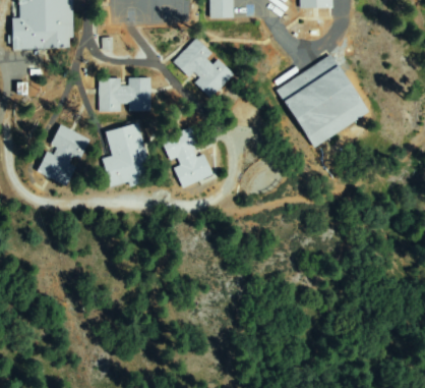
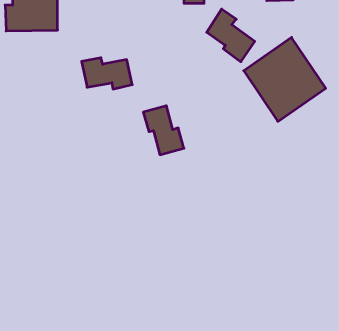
building: [177,38,230,96] -> [207,9,255,62]
building: [102,123,151,189] -> none
building: [39,128,88,181] -> none

